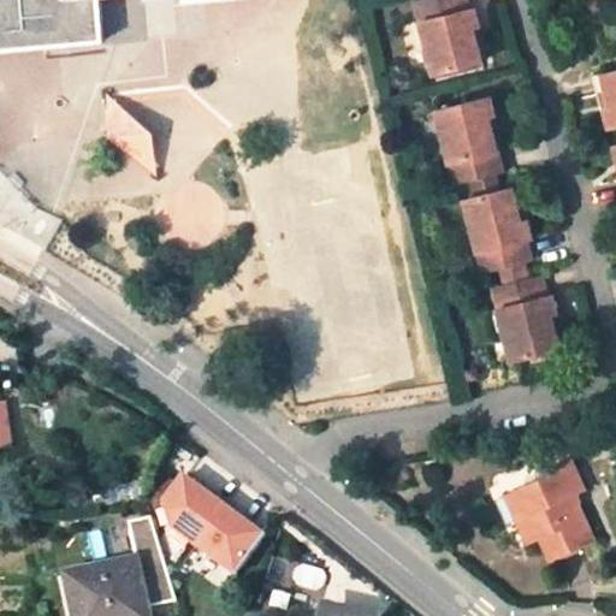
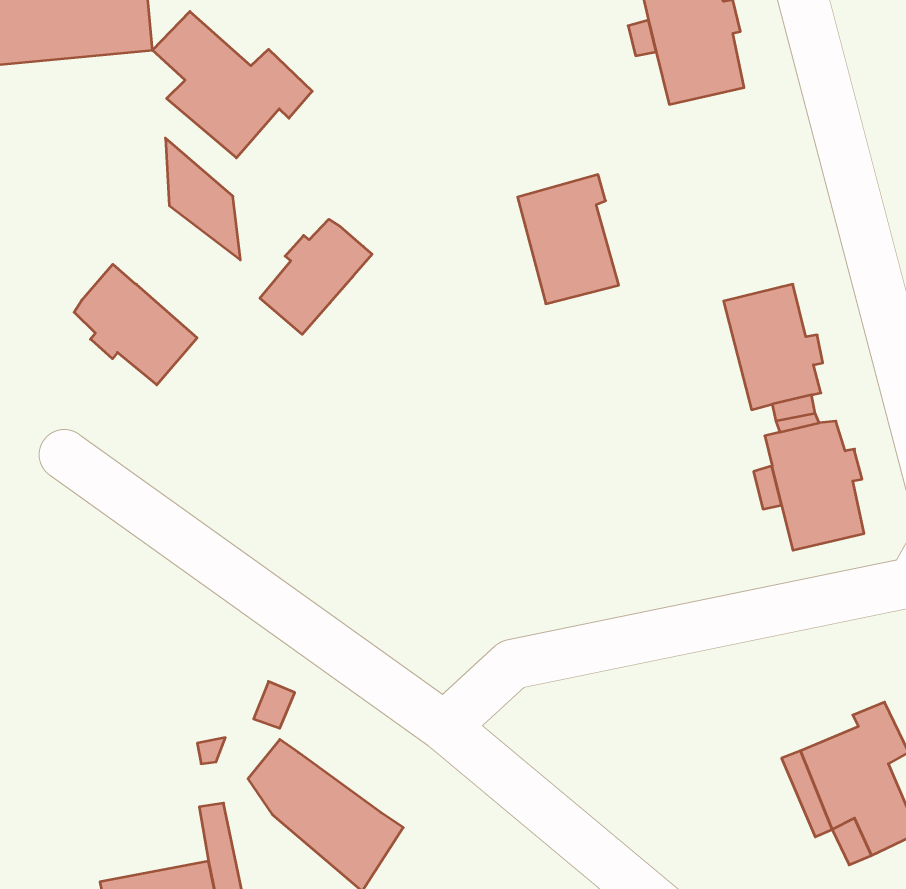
building: none -> [152,11,312,158]
building: [436,97,500,180] -> [518,175,619,304]
building: none -> [260,219,372,334]
building: none -> [74,264,197,385]

